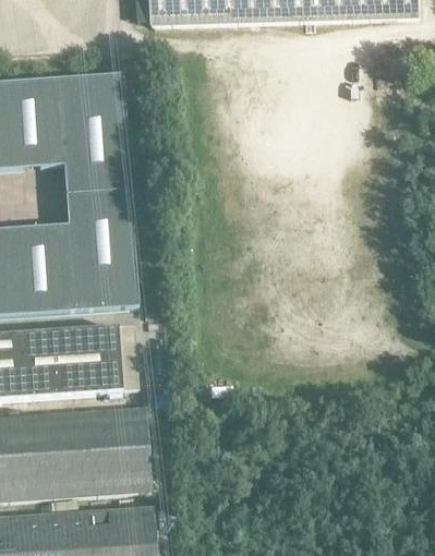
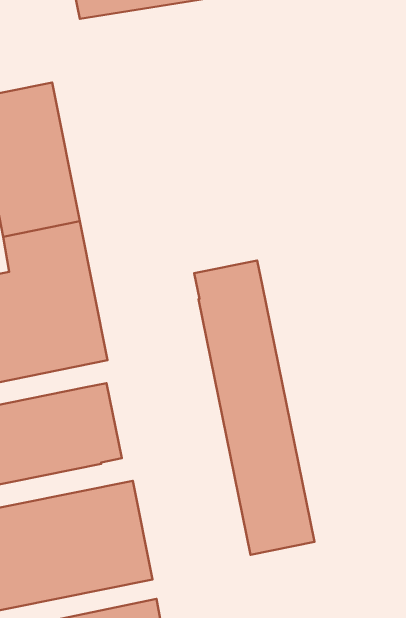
building: none -> [194,260,315,555]

